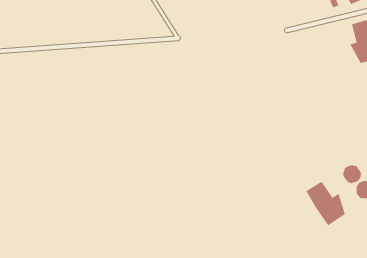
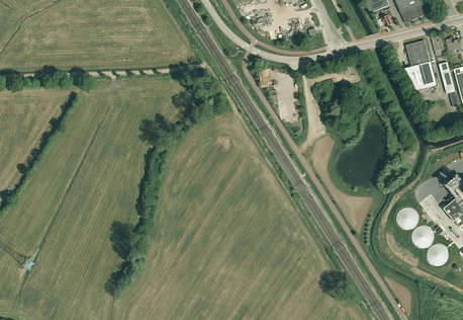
building: [305,181,345,226] -> none

